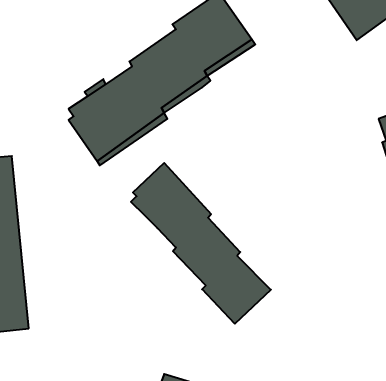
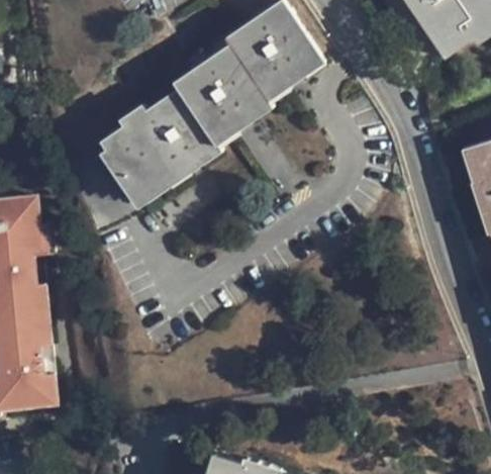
building: [131,163,271,324] -> none

